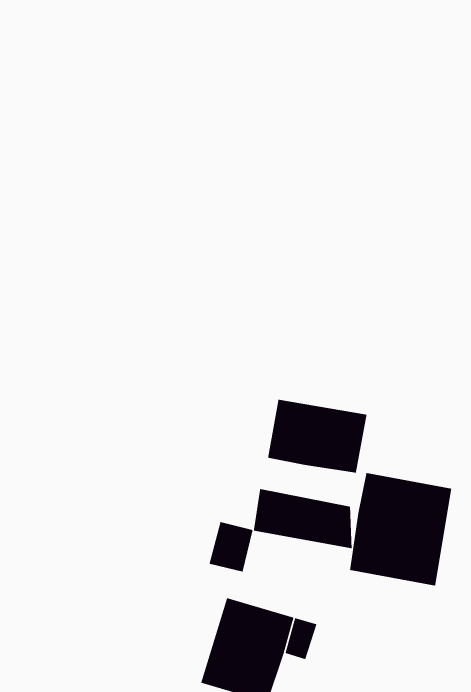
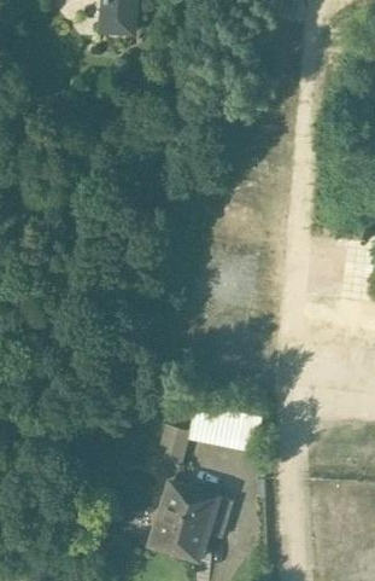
building: [267,399,367,473] -> none
building: [349,472,452,586] -> none

